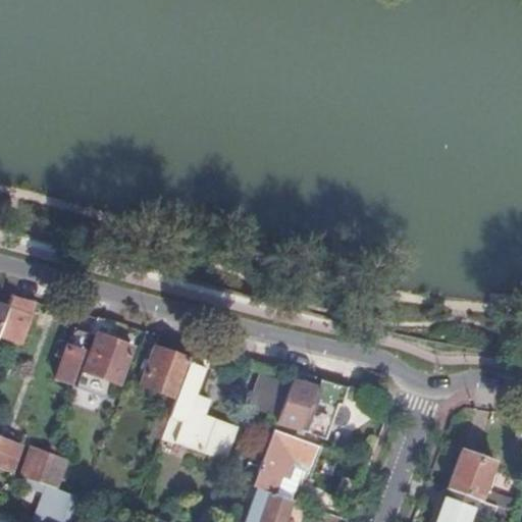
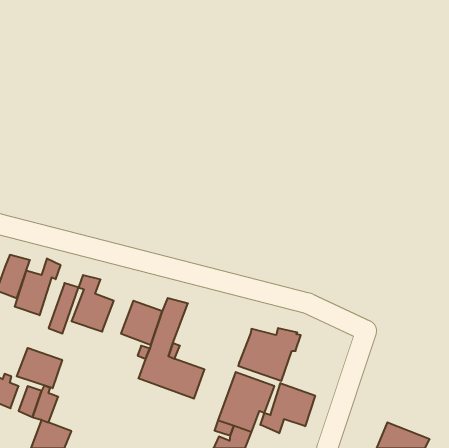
building: none -> [15,258,60,315]
building: [248,375,290,419] -> none
building: none -> [17,348,62,388]
building: none -> [260,383,315,433]
building: [448,450,514,512] -> none

